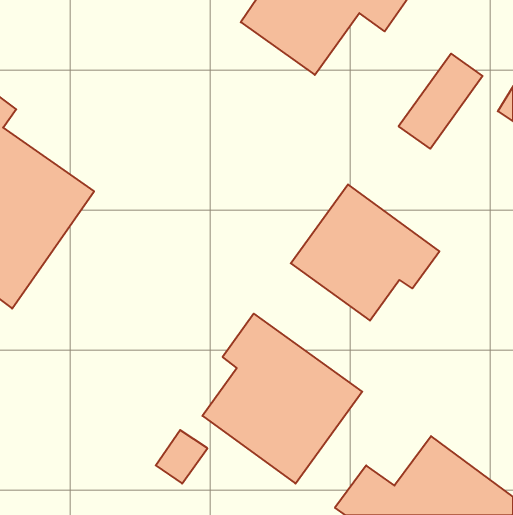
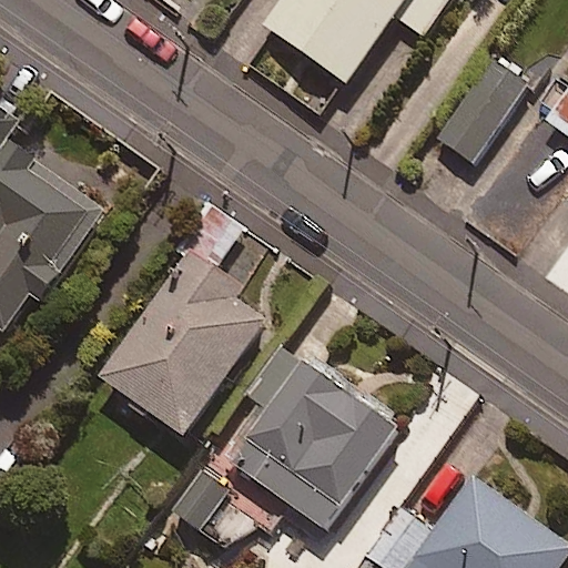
building: [291,184,439,321] -> none
building: none -> [100,250,274,437]

